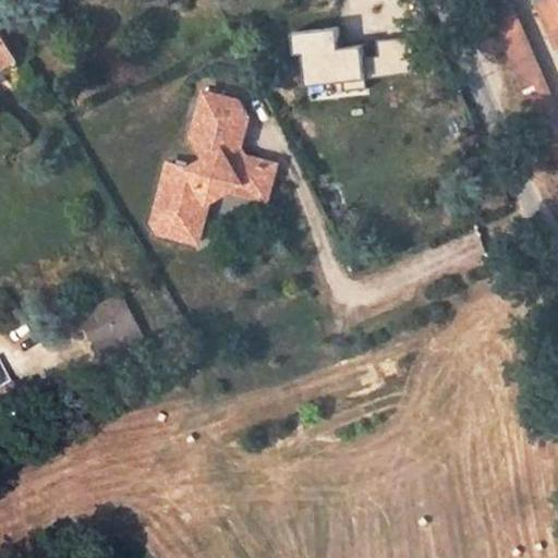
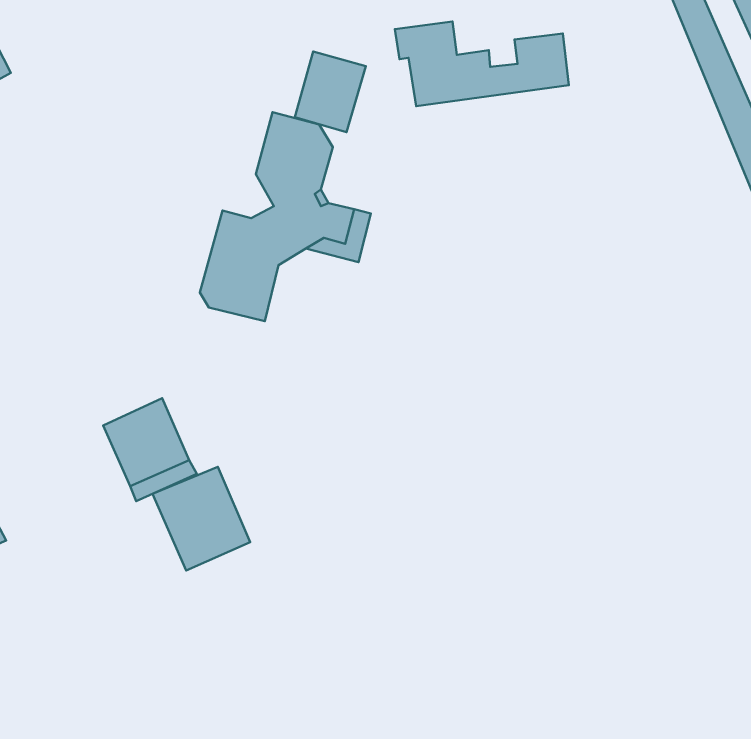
building: none -> [295,52,366,132]
building: none -> [153,467,250,571]

